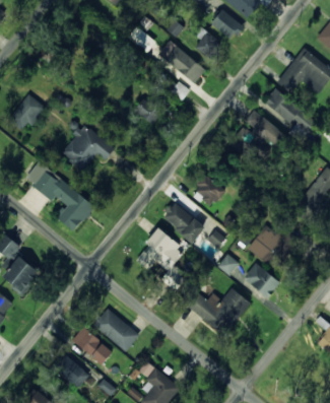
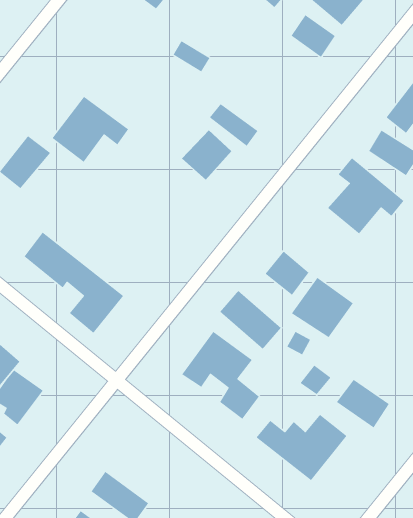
building: [196,32,221,60] -> none
building: [157,42,206,83] -> none
building: [61,125,115,172] -> [52,96,129,163]
building: [248,224,291,267] -> [291,277,354,338]
building: [94,309,140,352] -> none

